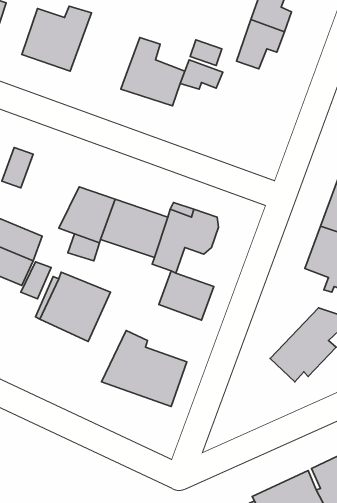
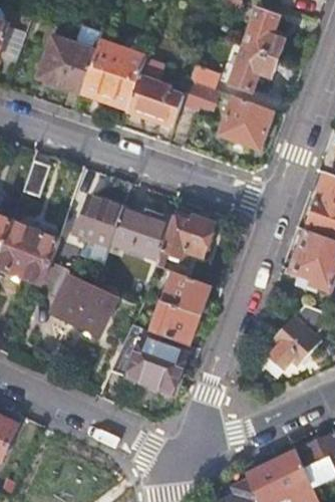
building: none -> [82,40,146,103]
building: none -> [219,95,274,150]
building: none -> [151,301,200,345]

